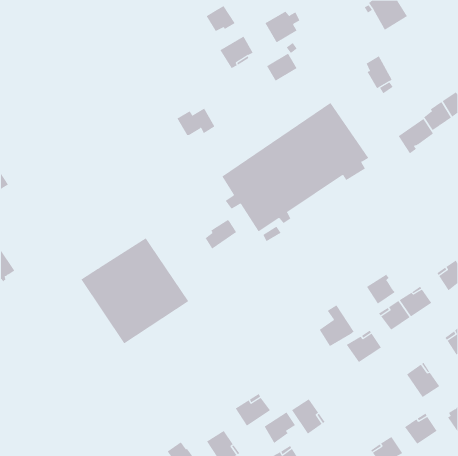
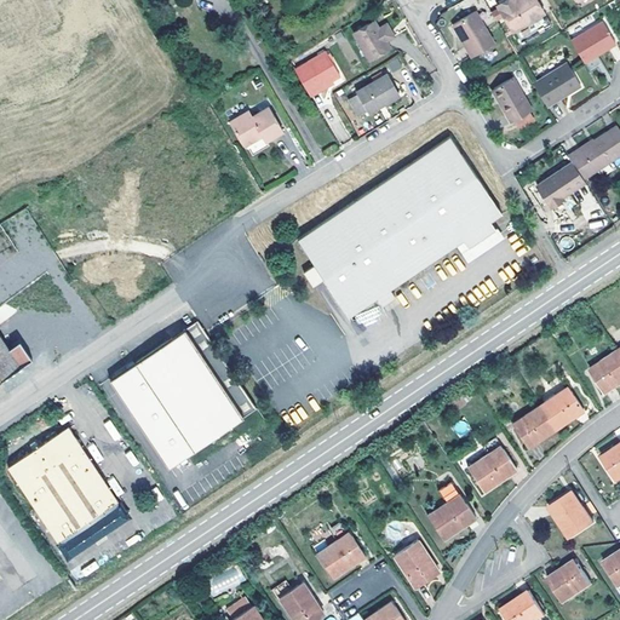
building: [206,5,235,32] -> none
building: none -> [453,11,494,56]
building: none -> [570,22,614,62]
building: none -> [532,63,580,107]
building: [177,108,215,136] -> [232,107,285,144]
building: [205,219,237,250] -> none
building: [366,274,396,304] -> none
building: [319,305,355,347] -> [427,483,476,540]
building: none -> [8,429,117,544]
building: [264,411,296,444] -> none

